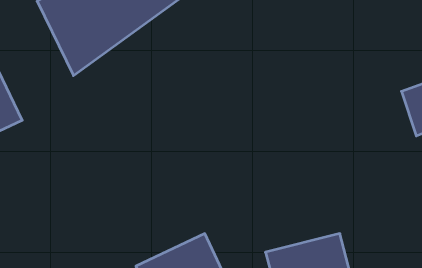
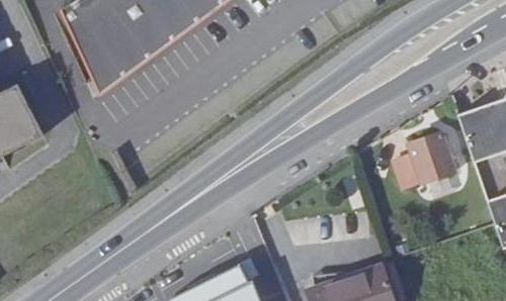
building: none -> [395,134,456,191]

